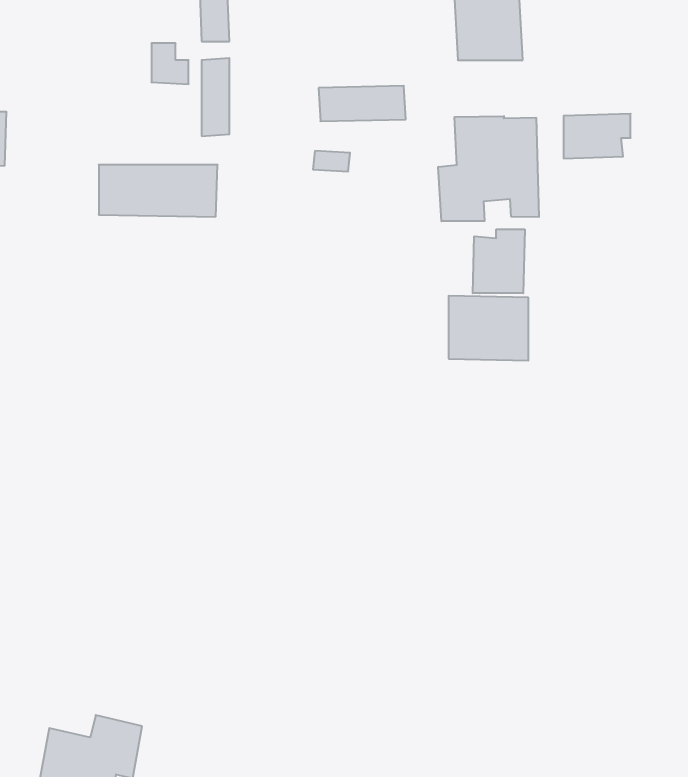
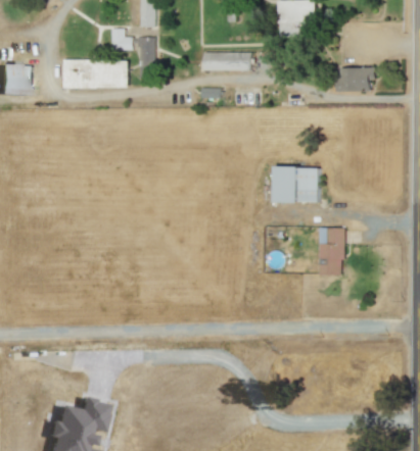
building: [438,116,539,221] -> none
building: [99,165,218,217] -> [63,59,129,88]
building: [473,229,525,293] -> none
building: none -> [318,227,343,274]

